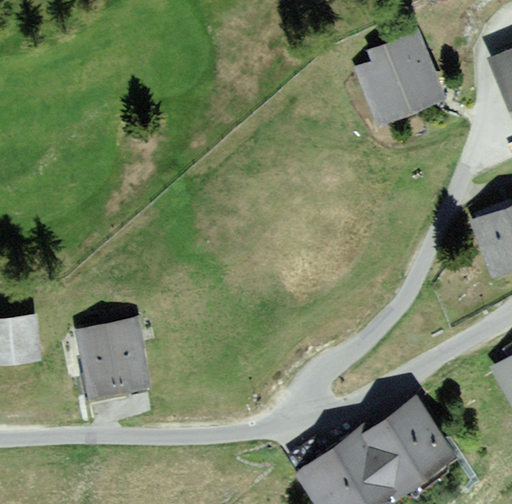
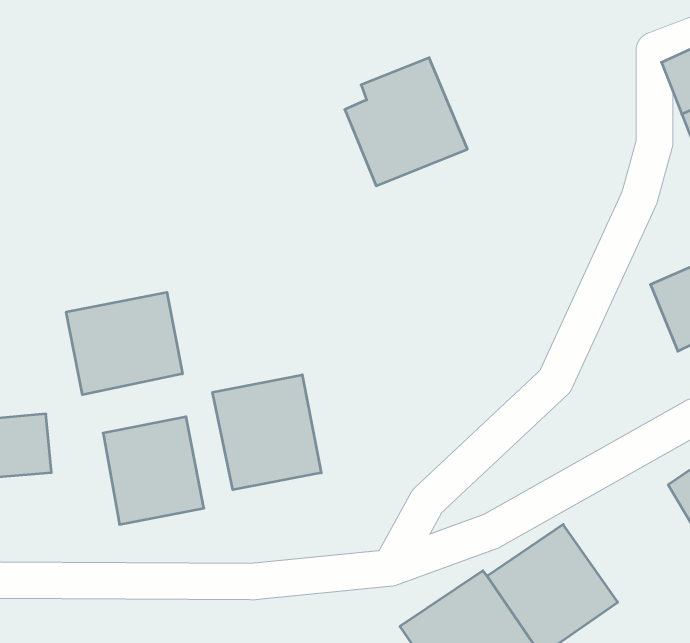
building: [355,31,445,125] -> [345,58,467,186]
building: none -> [66,292,182,395]
building: none -> [213,375,321,490]

